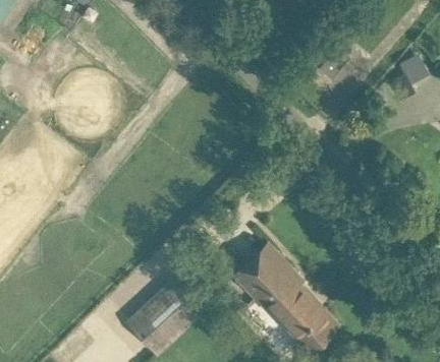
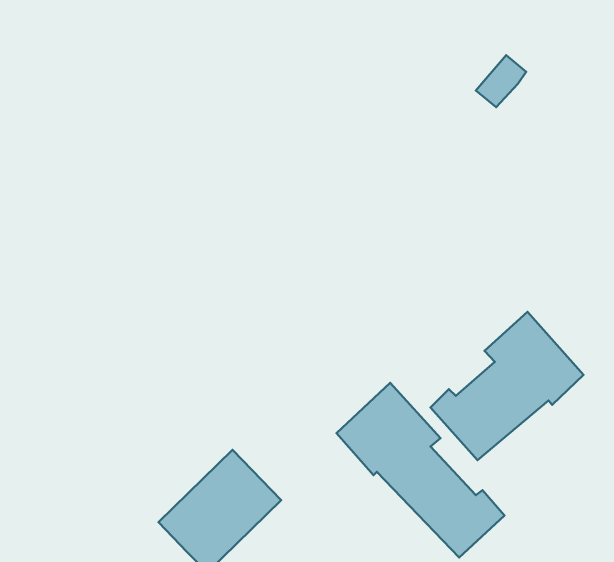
building: none -> [430,312,584,460]

